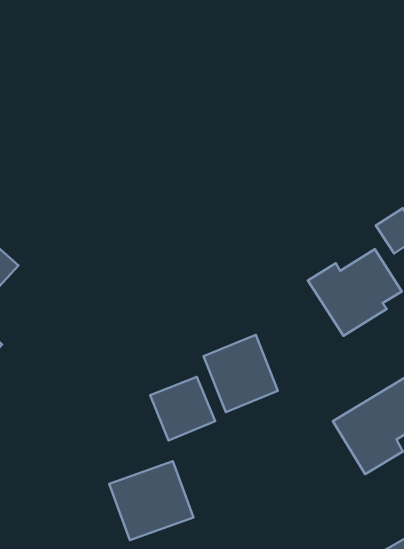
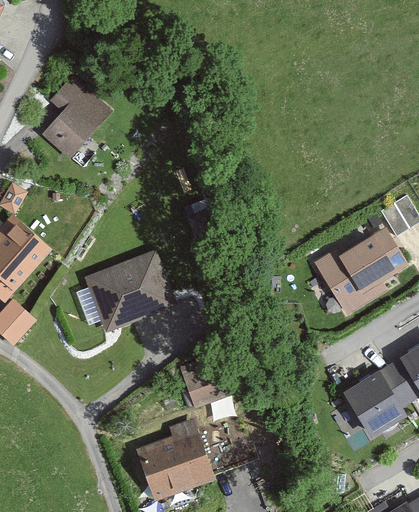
building: none -> [42,74,111,160]
building: none -> [89,248,182,331]
building: [204,335,278,412] -> none

